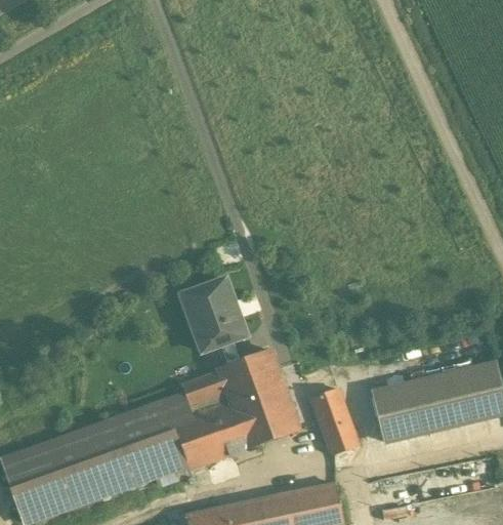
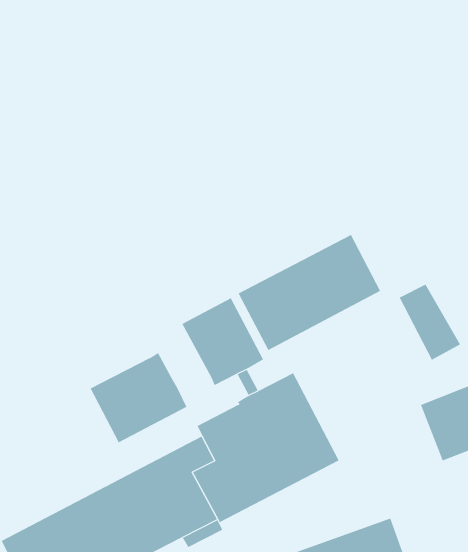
building: none -> [238,234,381,351]
building: none -> [90,352,187,443]
building: [311,390,359,455] -> [399,284,461,361]

